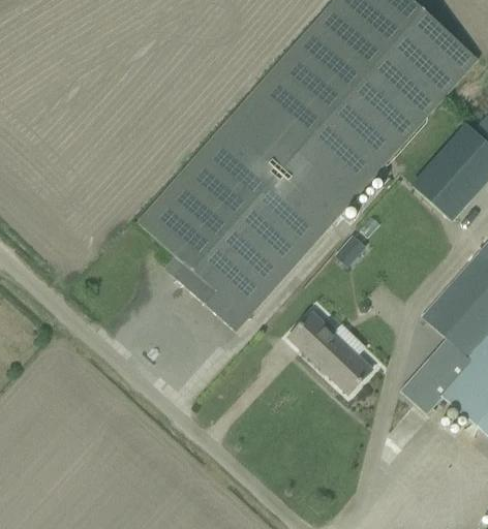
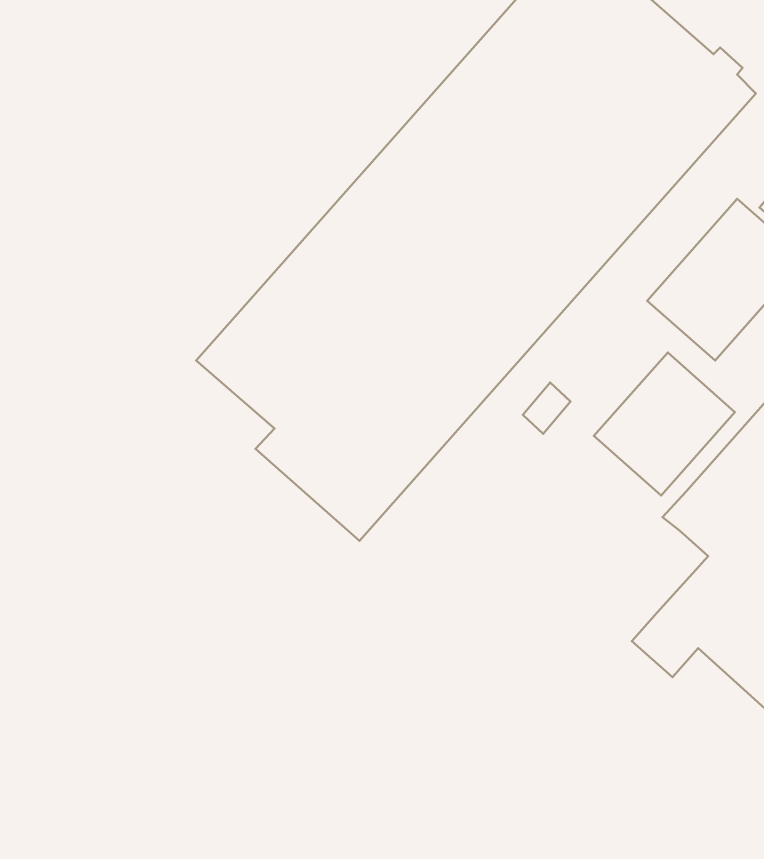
building: none -> [594,352,735,496]
building: [289,311,372,392] -> none

